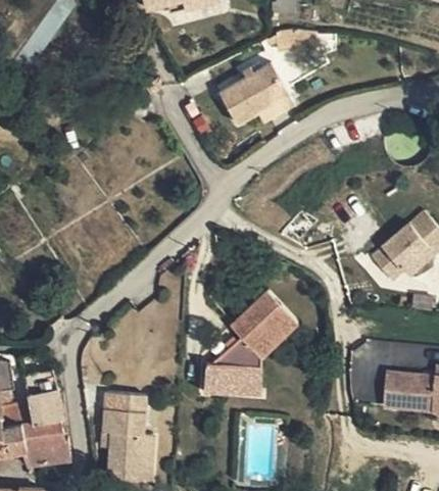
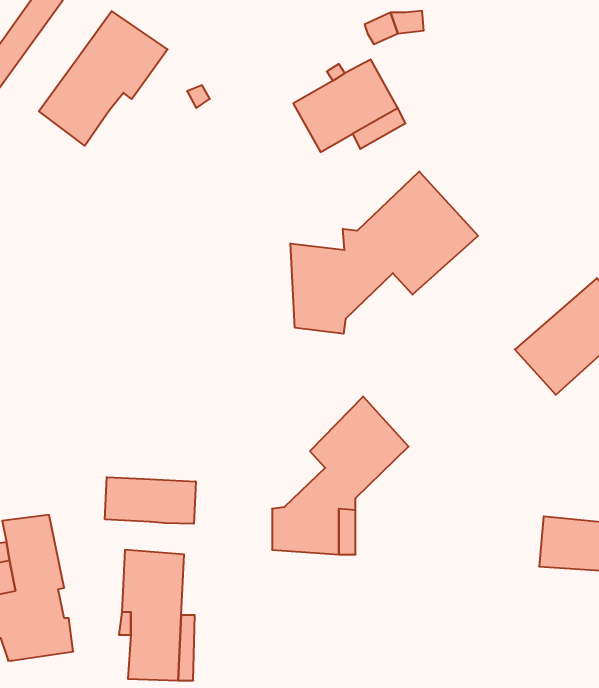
building: none -> [39,11,168,146]
building: none -> [290,171,478,334]
building: none -> [105,477,196,524]

